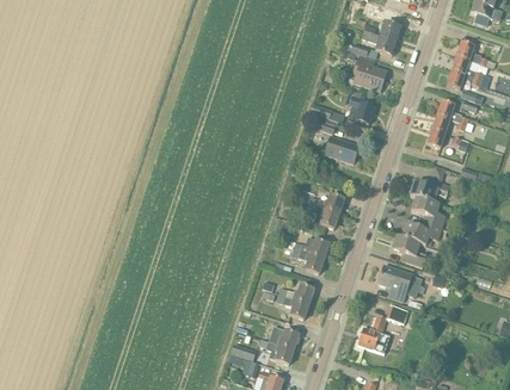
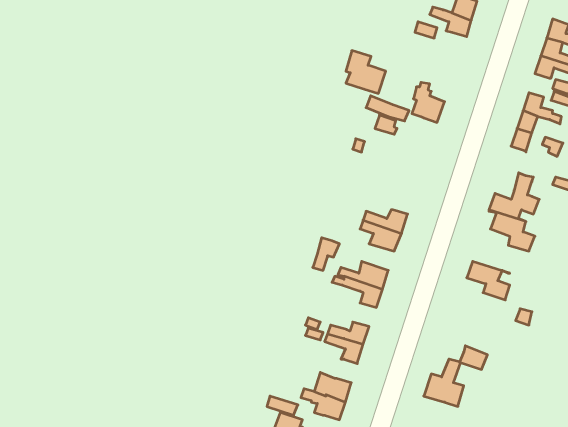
building: [354,56,386,91] -> [346,51,386,93]
building: [325,136,358,162] -> none
building: [397,223,442,246] -> none
building: [377,265,422,301] -> none

